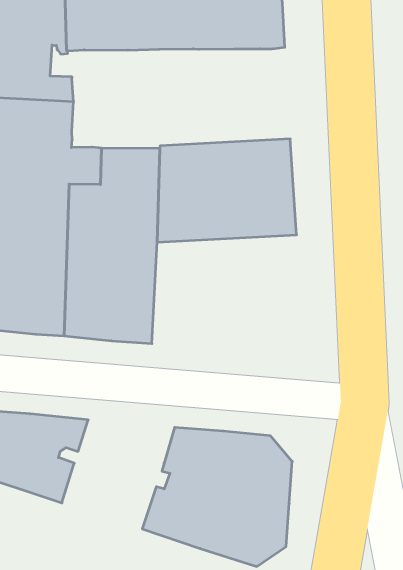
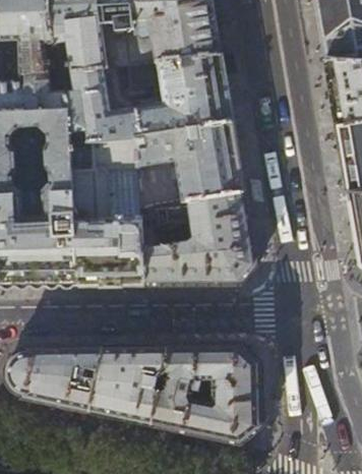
building: none -> [64,49,232,138]
building: none -> [140,188,255,281]
building: none -> [89,342,168,420]

